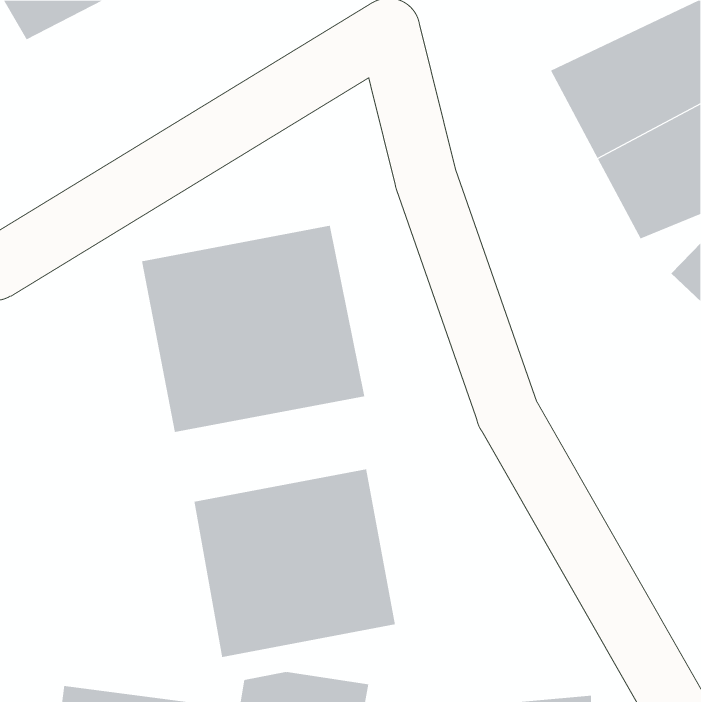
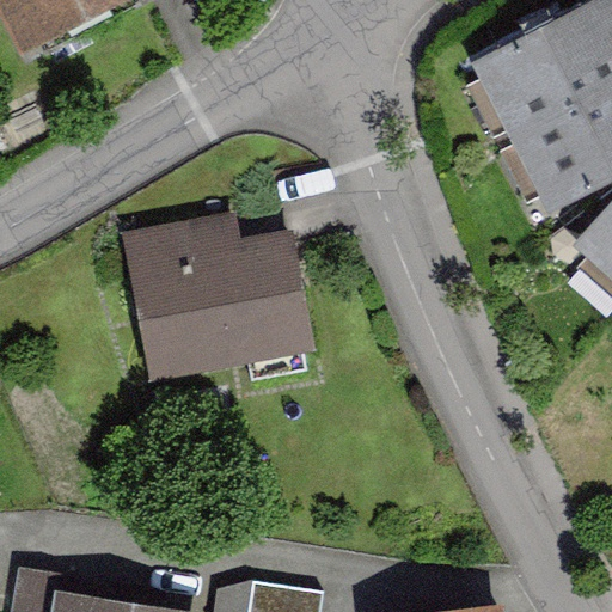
building: [194,469,395,658] -> none

